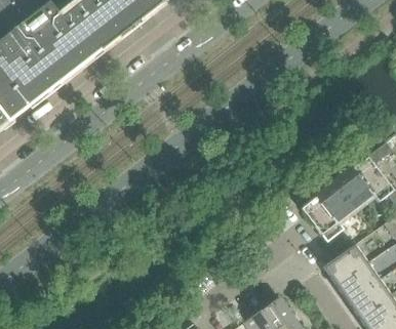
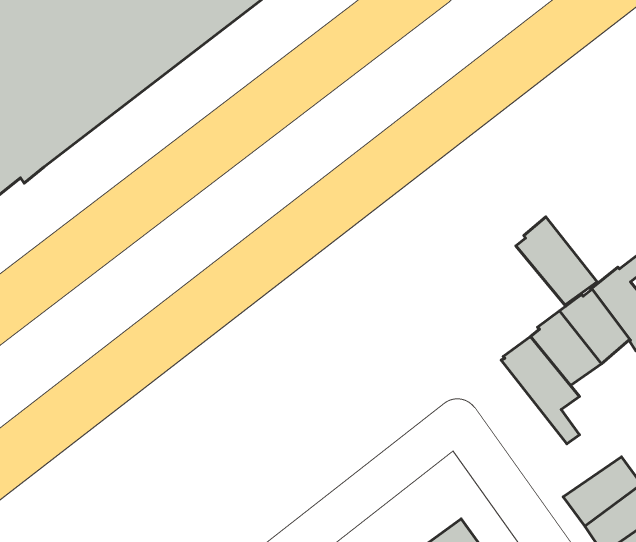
building: none -> [516,217,597,306]
building: [322,243,368,285] -> none

